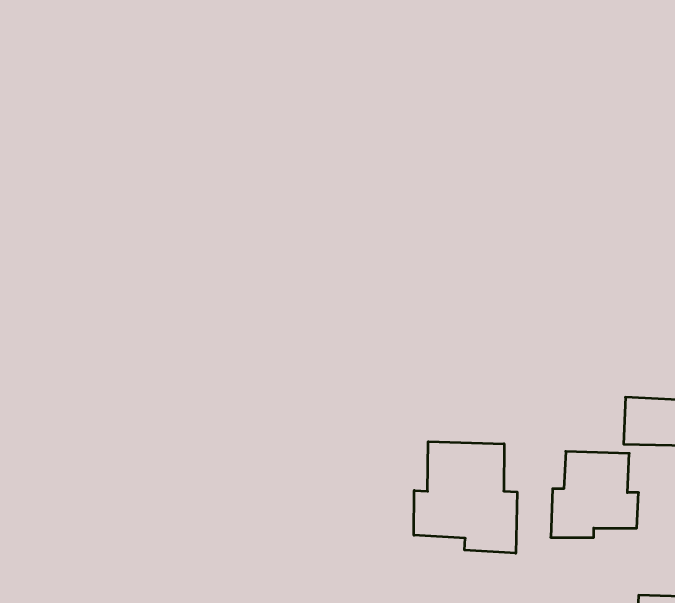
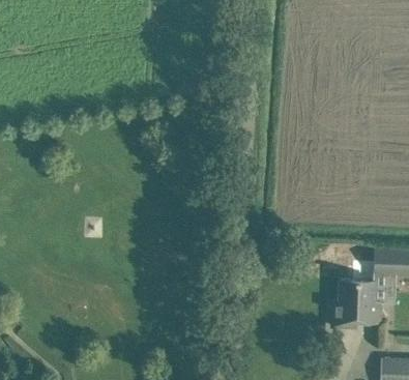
building: [414,442,517,553] -> none

